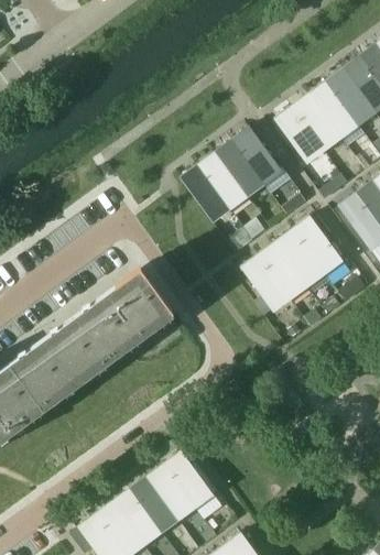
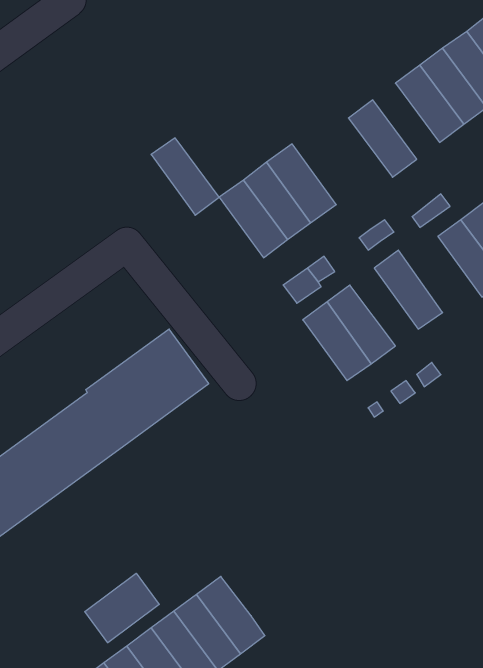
building: [291,94,339,149] -> none
building: [232,126,282,182] -> [151,138,219,215]
building: [274,228,330,293] -> none
building: none -> [85,573,159,643]

